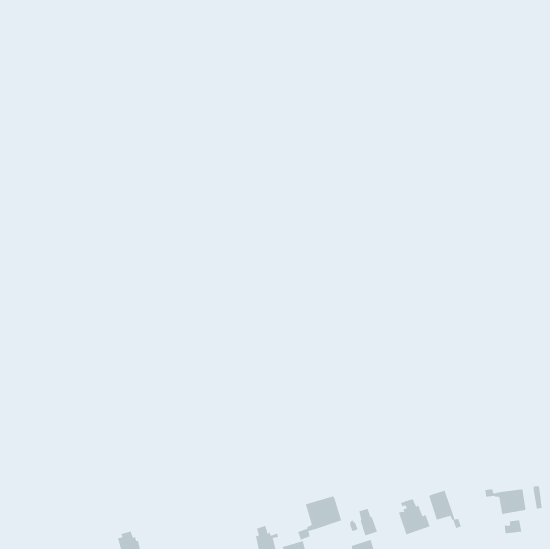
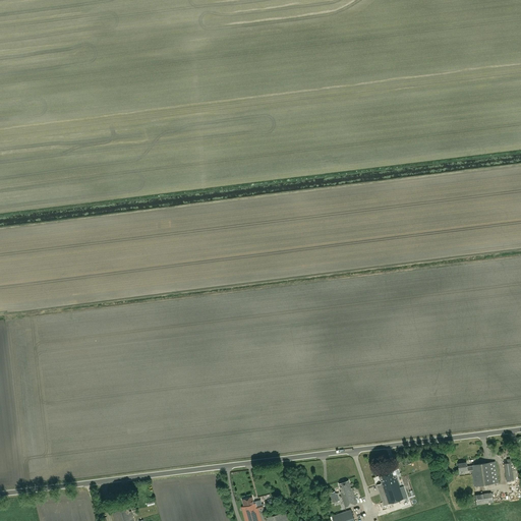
building: [429,490,461,529] -> none
building: [297,495,342,540] -> none

